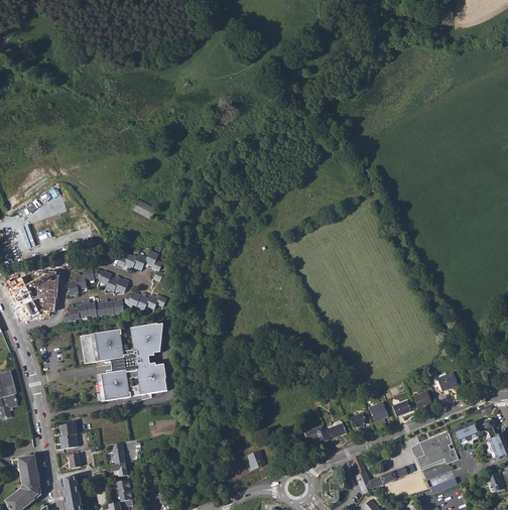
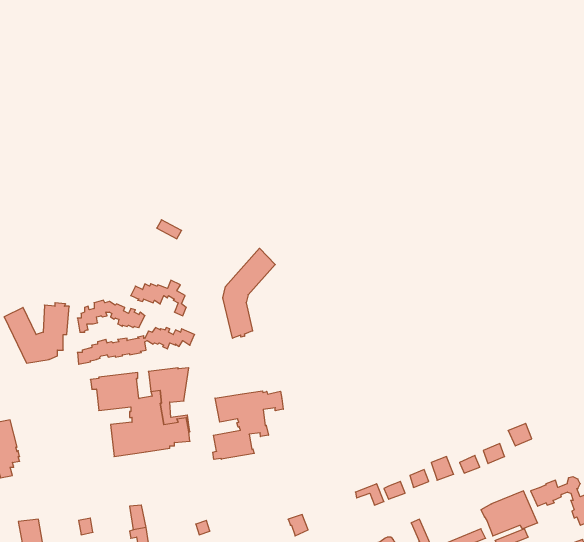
building: none -> [223,248,275,338]
building: none -> [213,391,283,459]
building: [57,420,78,449] -> none

